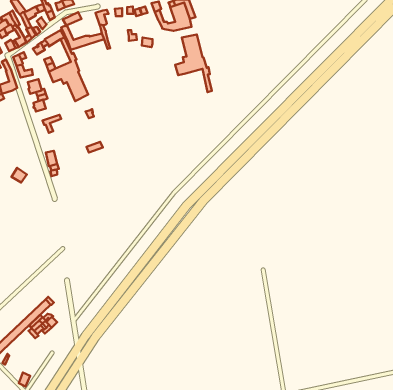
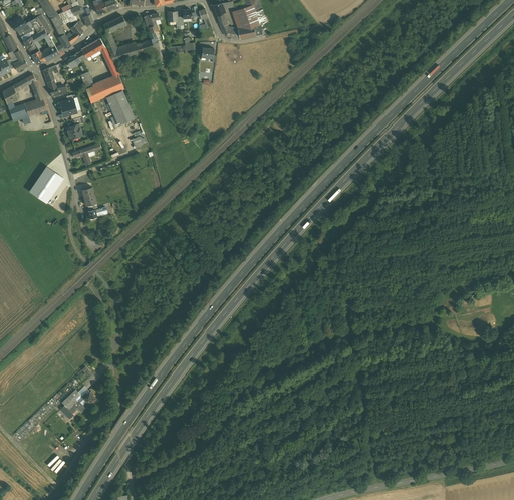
building: [175,35,212,92] -> none
building: none -> [30,167,63,203]

